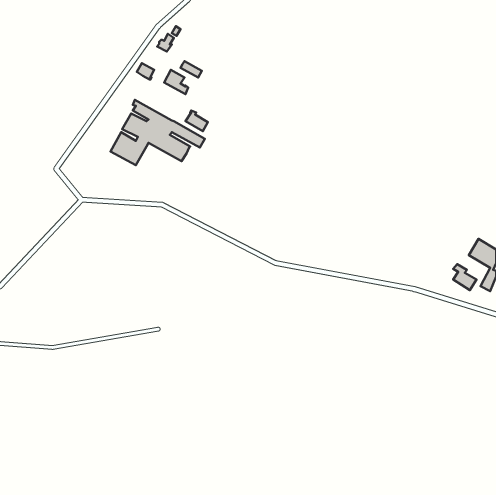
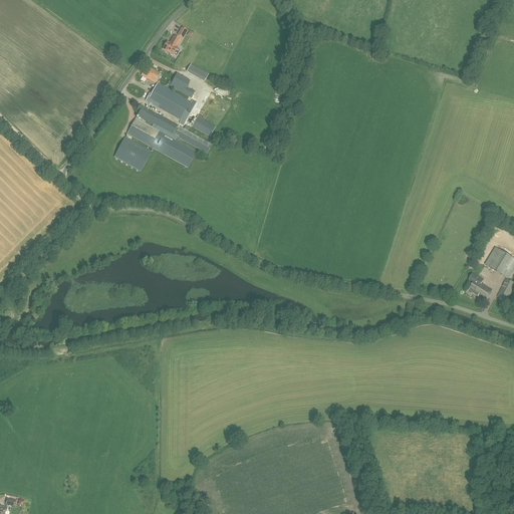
building: none -> [146,84,196,124]

